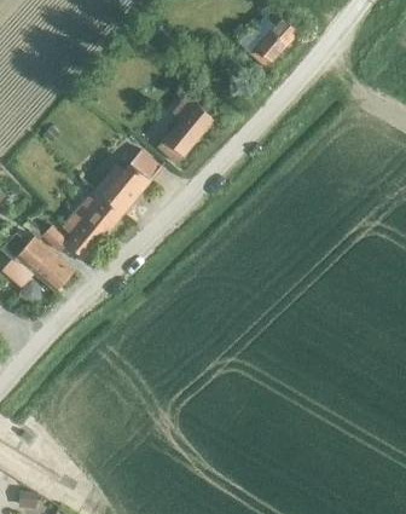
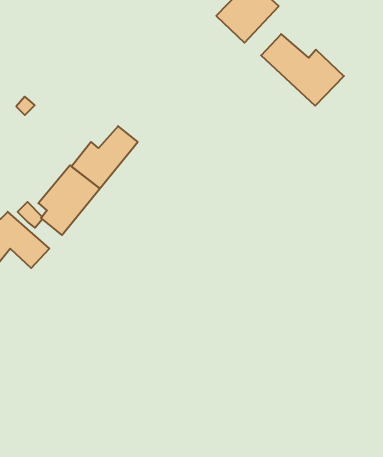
building: none -> [261,34,344,106]
building: [157,94,214,163] -> none

